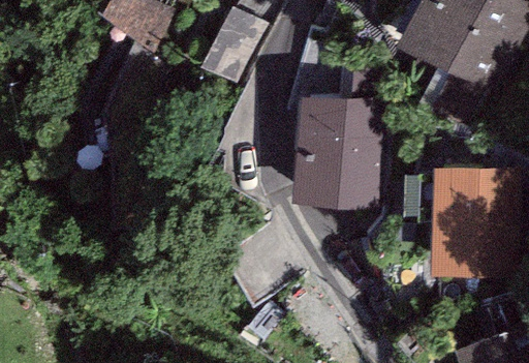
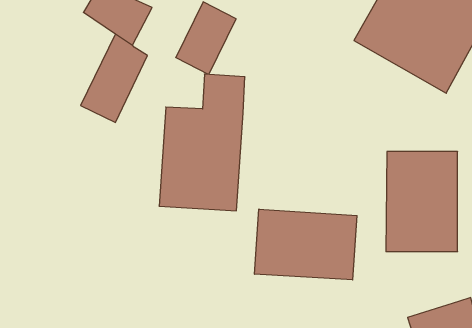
building: [293,58,387,208] -> [159,74,245,211]
building: none -> [255,209,357,280]

